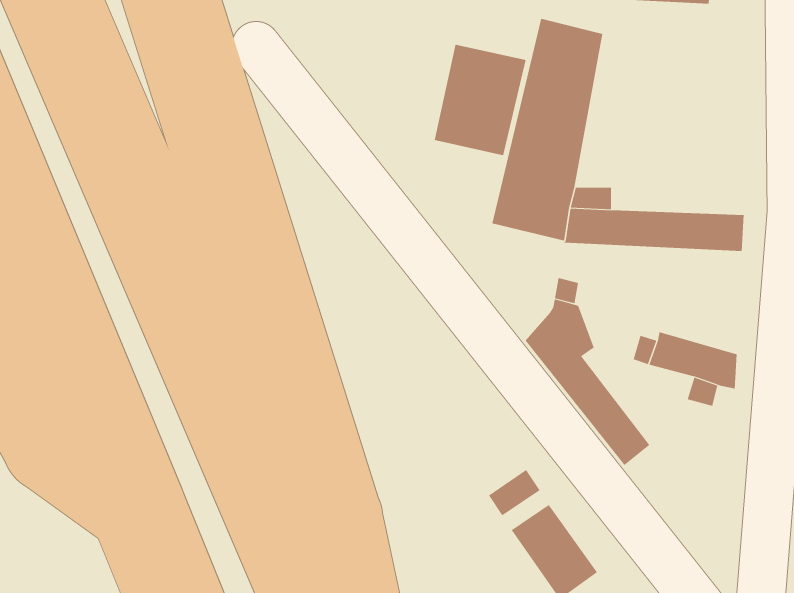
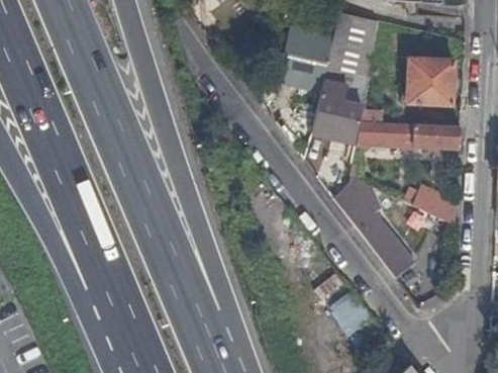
building: none -> [406,58,453,104]

